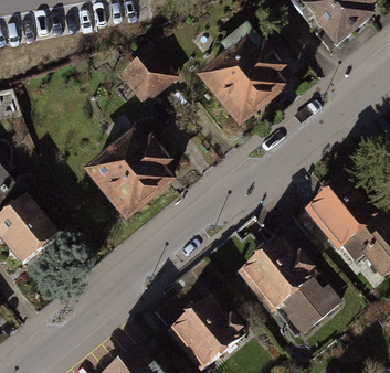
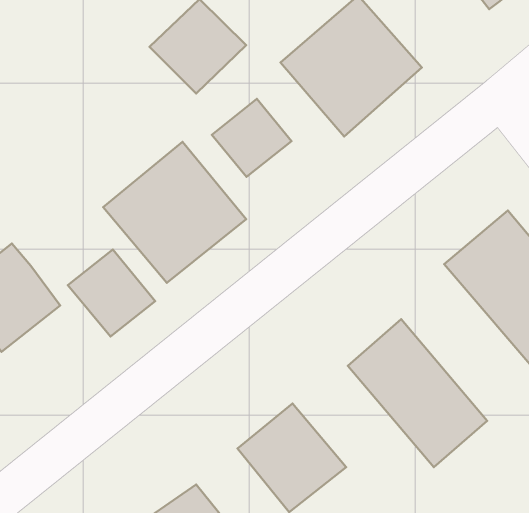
building: none -> [212,99,292,177]
building: none -> [68,250,155,337]

